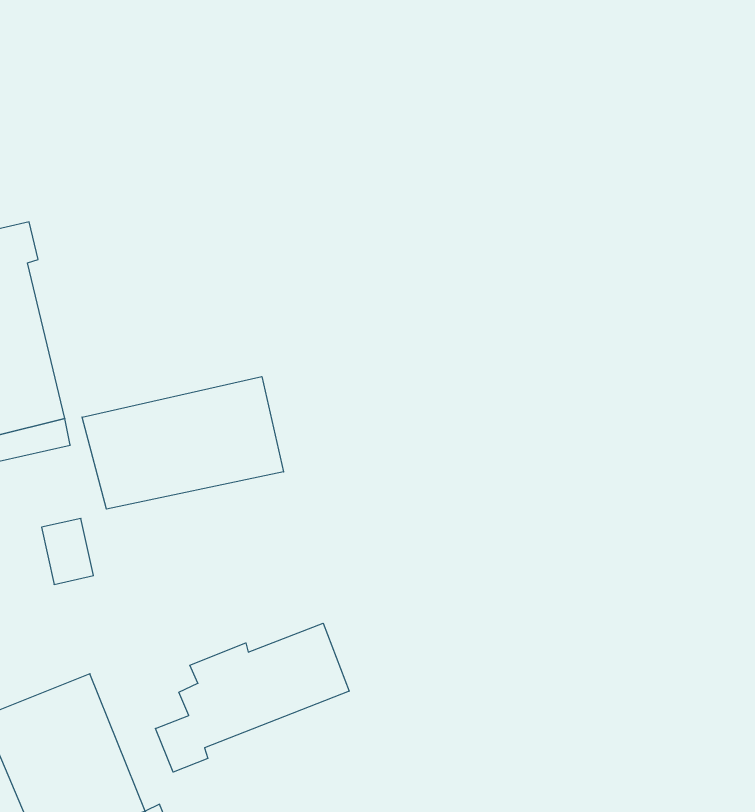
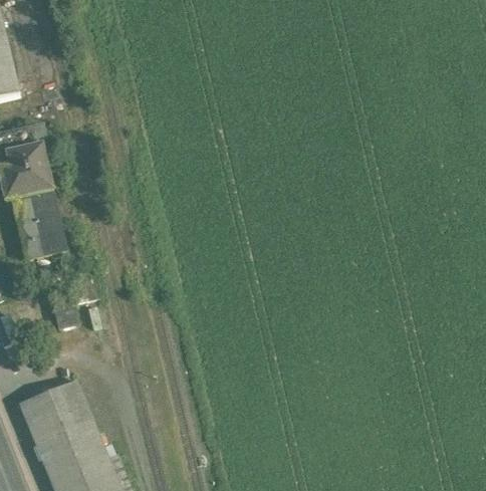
building: [82,377,284,509] -> none
building: [155,623,349,772] -> none

